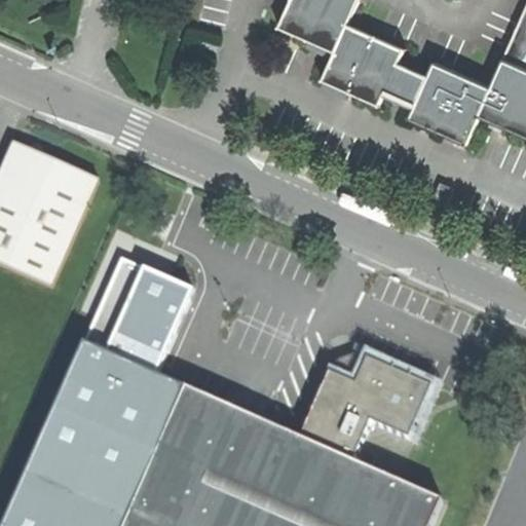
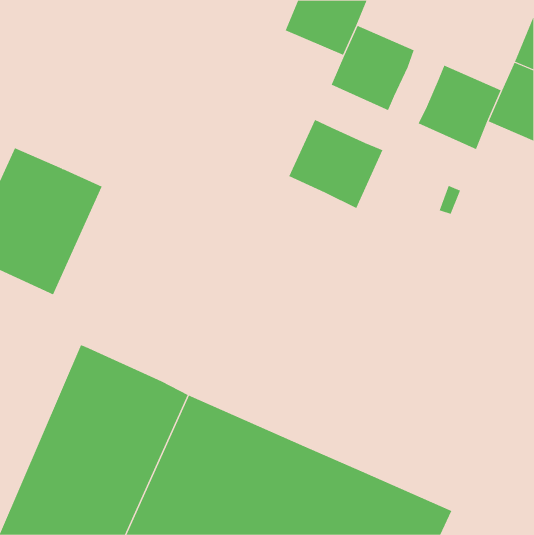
building: [387,66,429,107] -> none
building: none -> [289,119,383,209]
building: [84,253,195,374] -> none
building: [299,352,436,462] -> none

